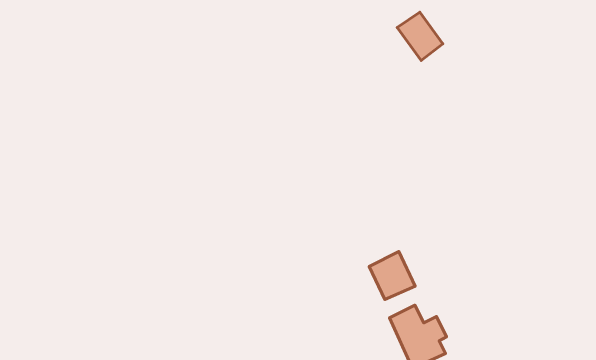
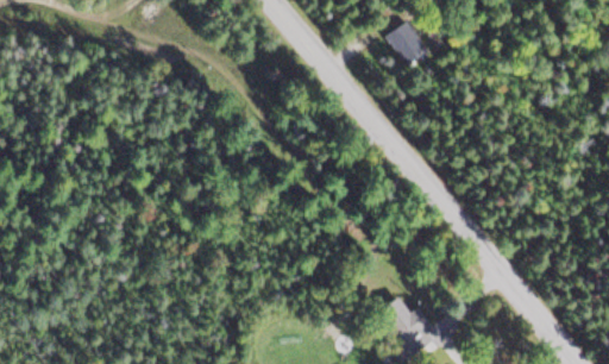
building: [369,251,415,300] -> none

